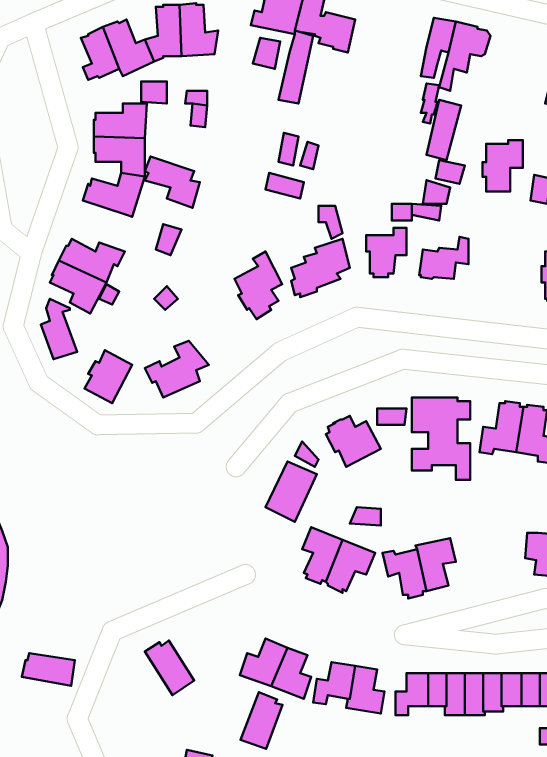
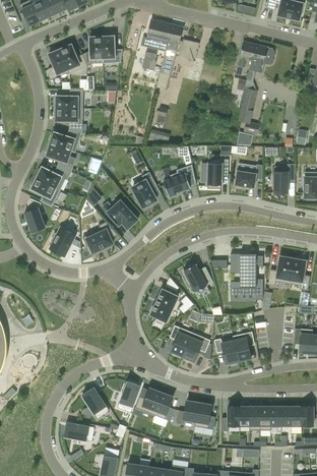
building: [483,140,523,191] -> [272,164,295,192]
building: [145,157,200,208] -> [45,143,75,172]
building: none -> [107,200,138,229]
building: [22,653,75,686] -> [65,423,94,441]
building: [240,692,283,749] -> [117,380,140,412]

